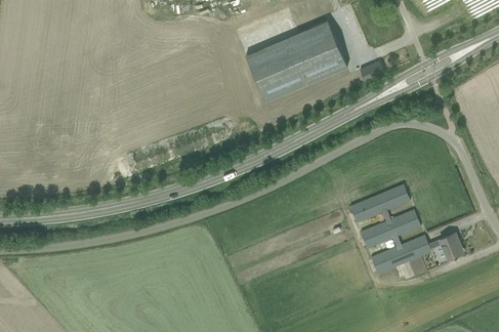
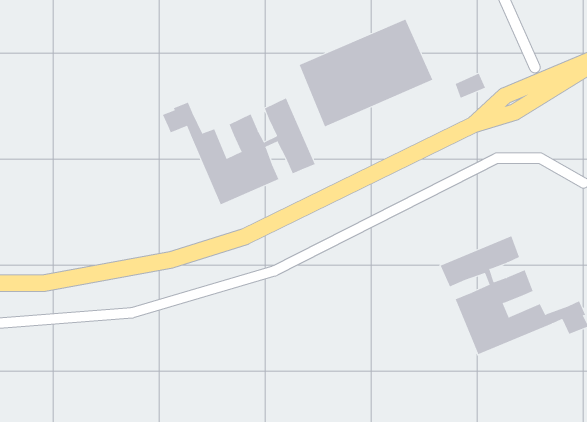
building: none -> [162,97,316,205]

